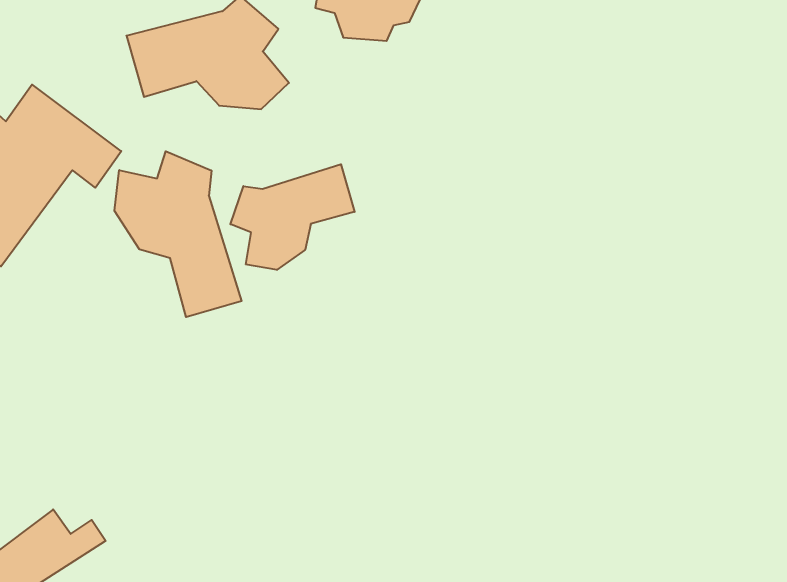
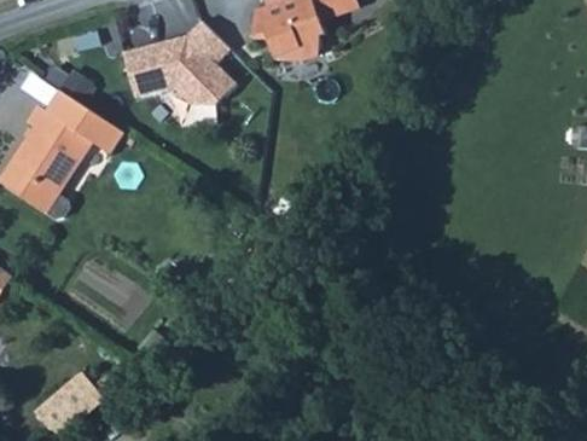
building: [114,151,242,317] -> none
building: [230,164,355,270] -> none

